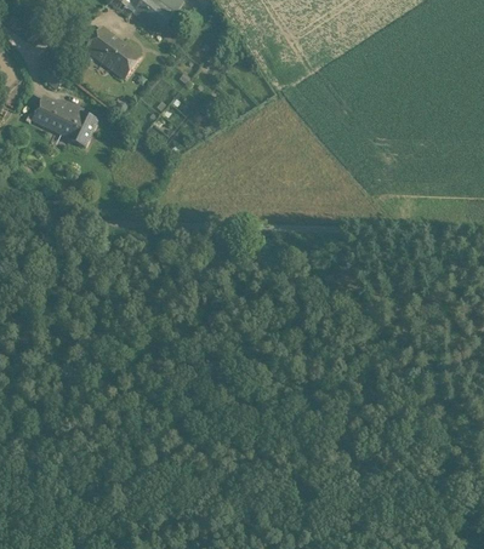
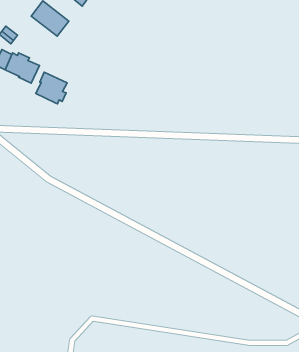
building: none -> [36,72,67,104]

